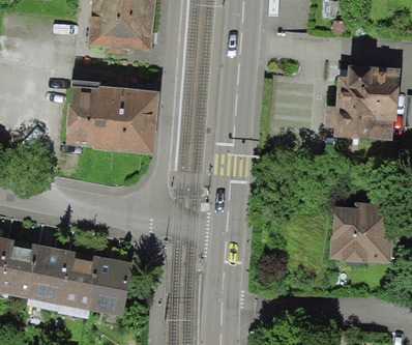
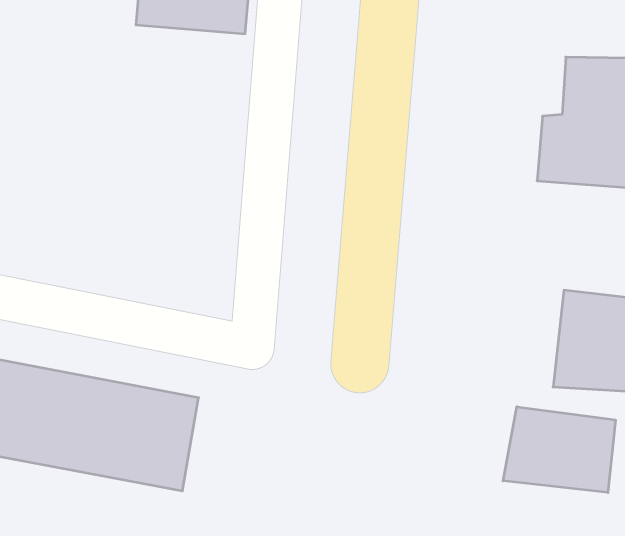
building: [67,81,158,150] -> none
building: none -> [503,407,615,493]

